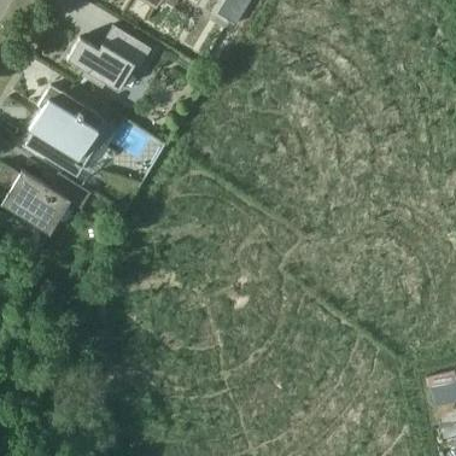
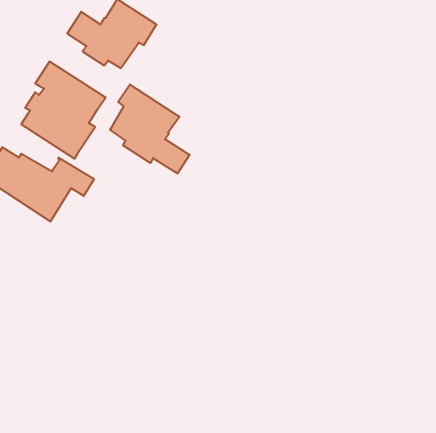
building: none -> [110,84,190,174]

